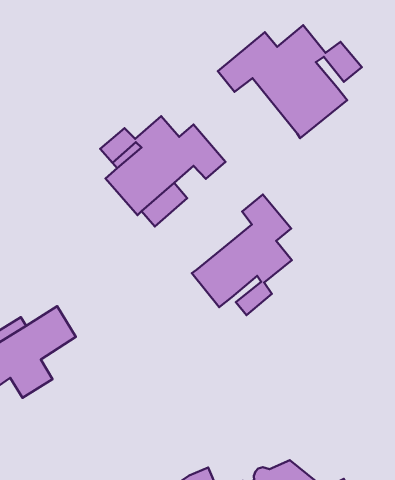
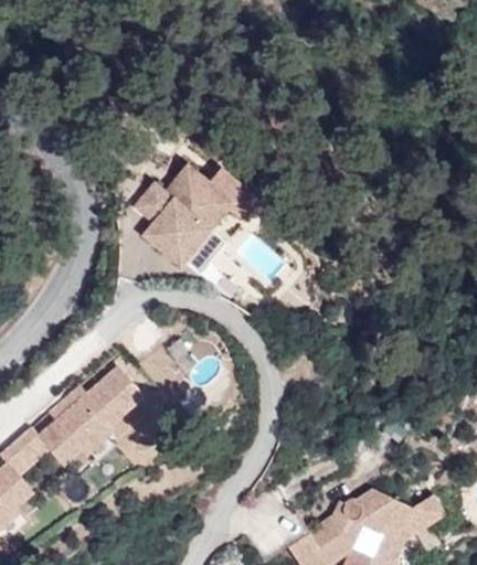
building: [218,25,362,138] -> none
building: [192,194,292,315] -> none

